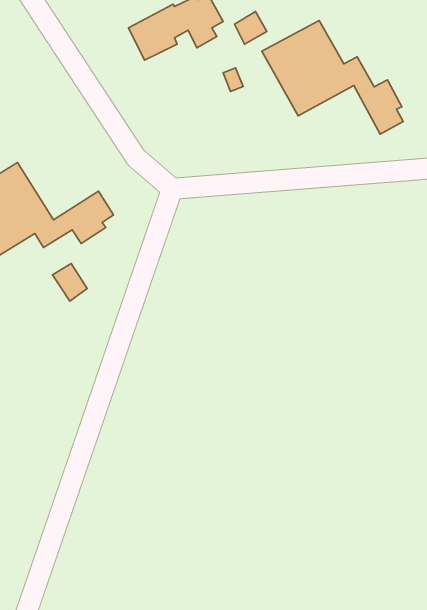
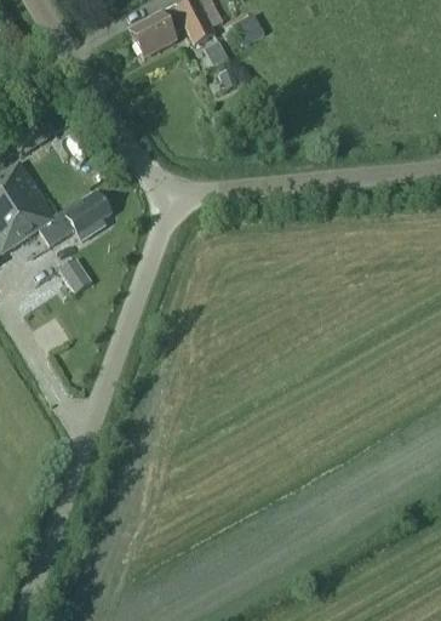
building: [262,21,403,134] -> none

